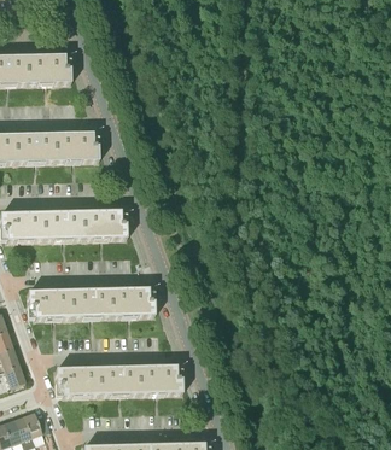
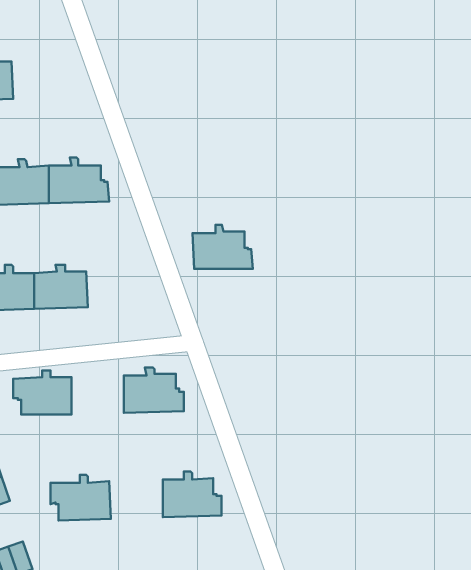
building: [25,51,70,84] -> none
building: [81,206,126,239] -> [193,225,253,269]
building: [70,285,109,318] -> none
building: [98,362,138,396] -> none

